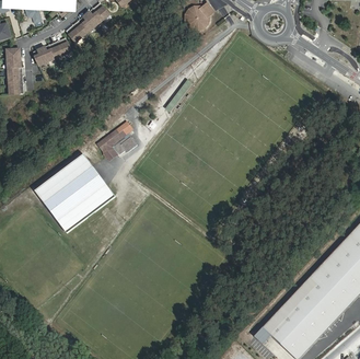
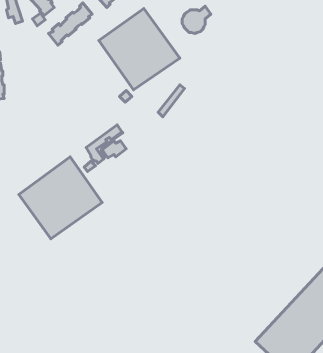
building: none -> [99,8,180,90]
building: [32,40,70,67] -> none

